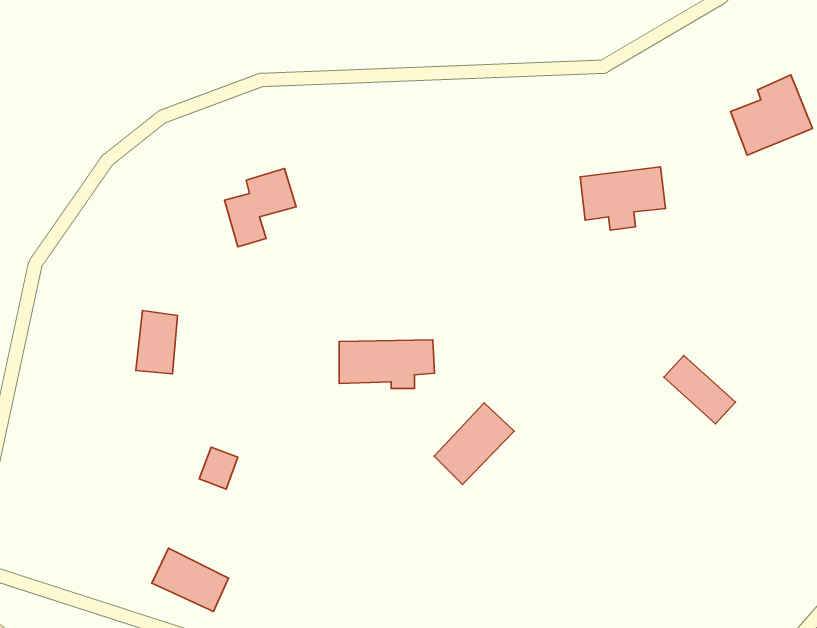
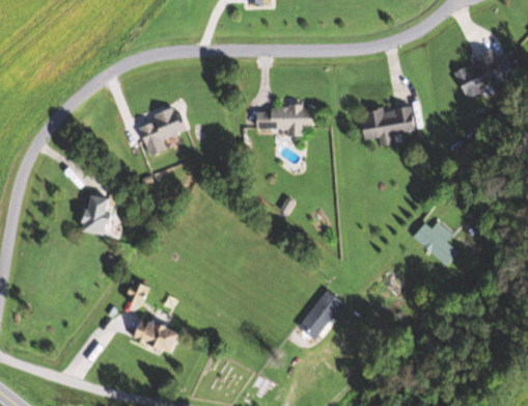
building: [339,340,435,388] -> [255,105,314,135]
building: [434,403,514,485] -> [297,290,346,341]
building: [152,548,229,612] -> [133,316,180,355]

